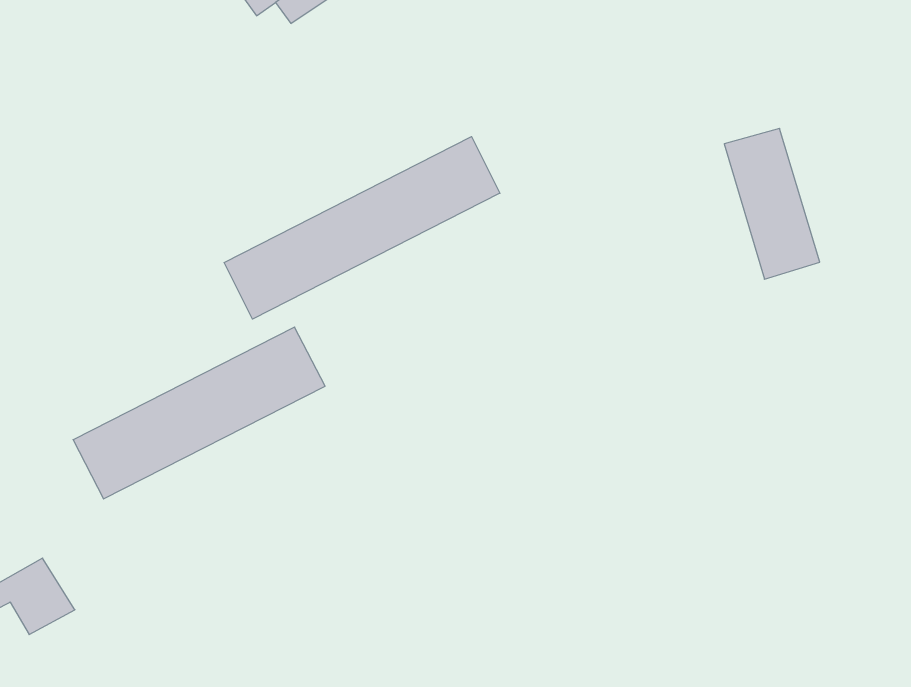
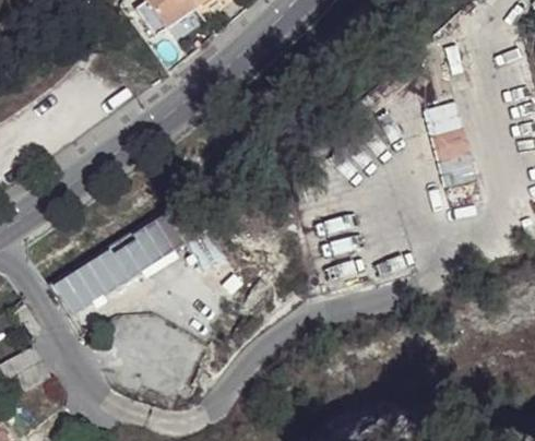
building: [224,137,500,319] -> none

